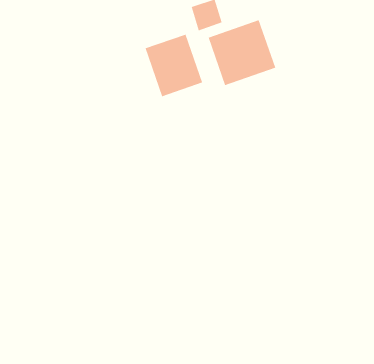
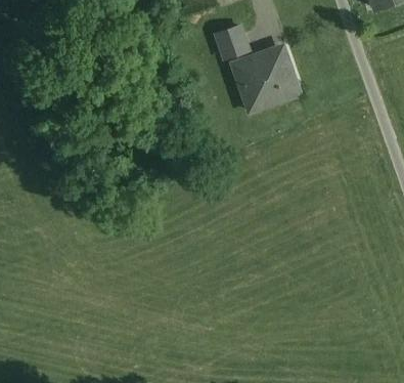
building: [145,34,203,97] -> none

